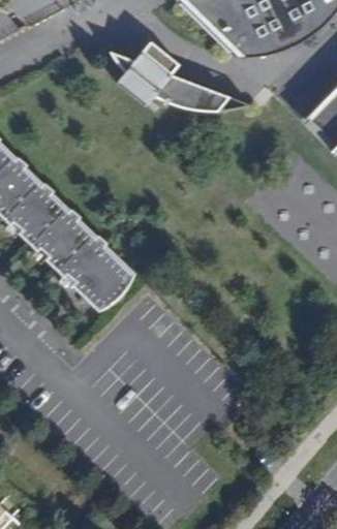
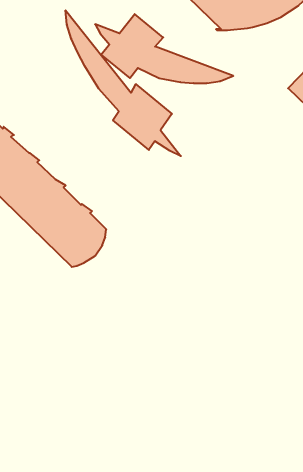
building: none -> [66,10,181,156]

